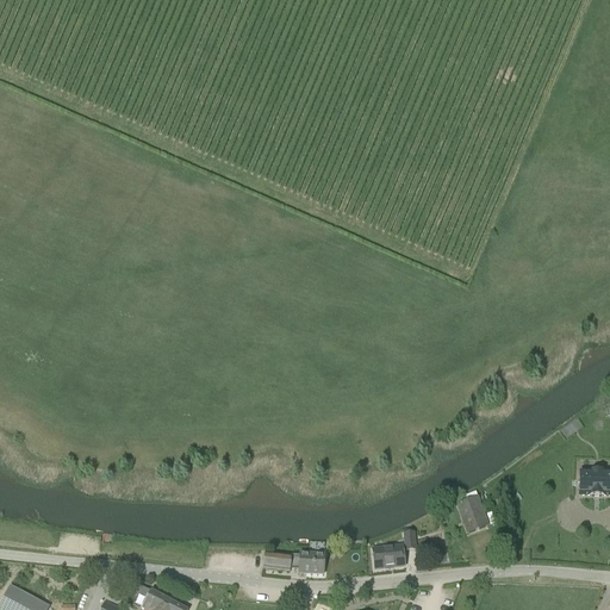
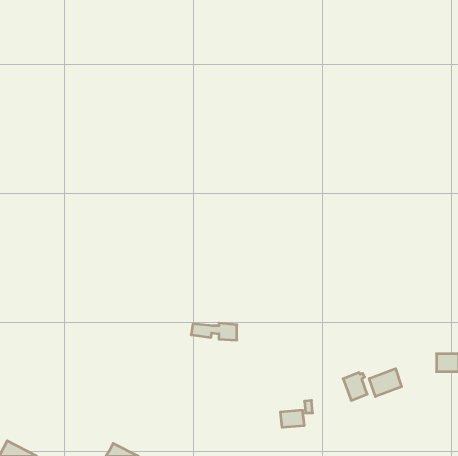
building: none -> [369,369,402,397]
building: [263,550,324,573] -> [191,323,237,340]

